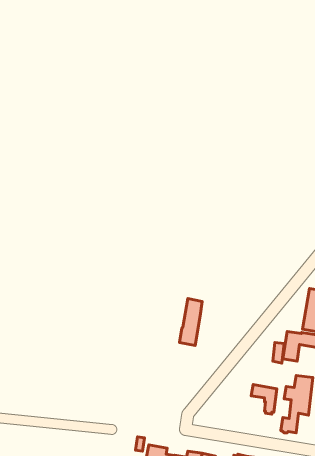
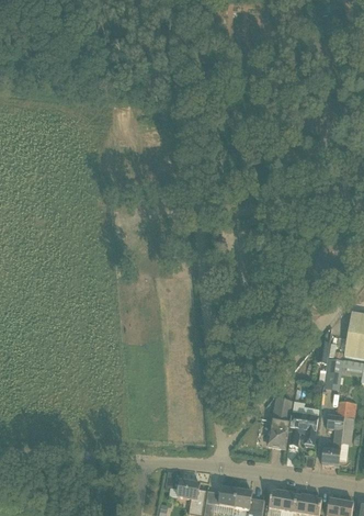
building: [180,298,202,346] -> [268,396,292,447]

